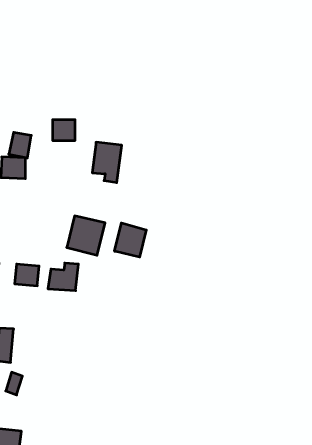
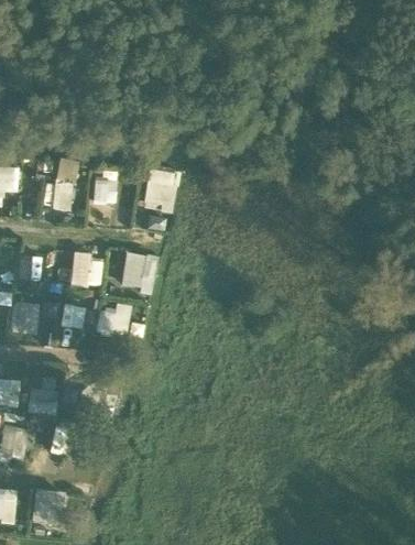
building: [53,120,75,140] -> [91,181,117,204]
building: none -> [72,254,102,287]
building: [115,223,146,257] -> none

